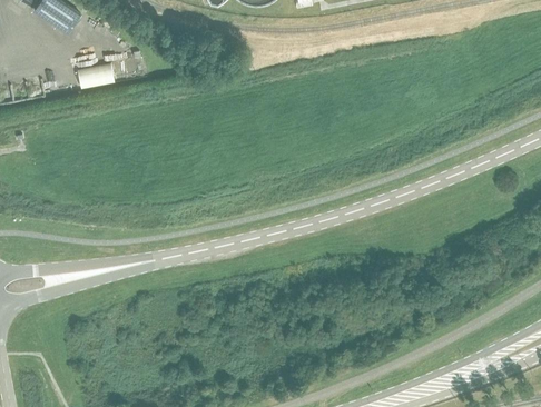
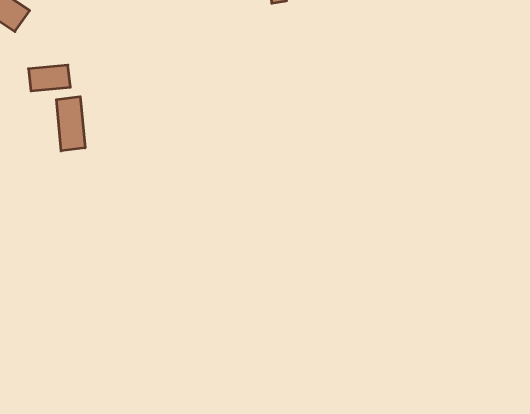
building: none -> [56,97,85,151]

